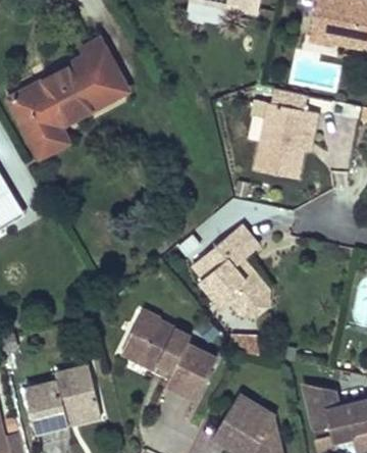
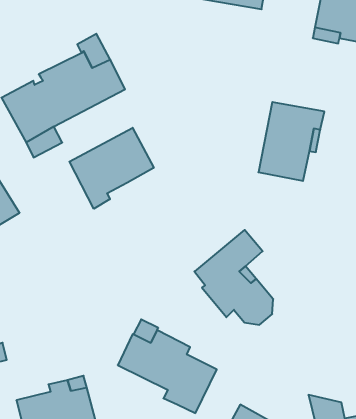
building: none -> [69,128,154,209]

